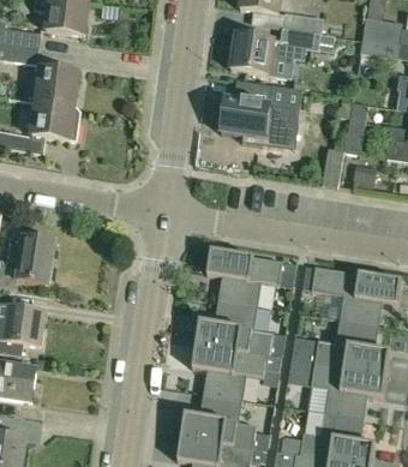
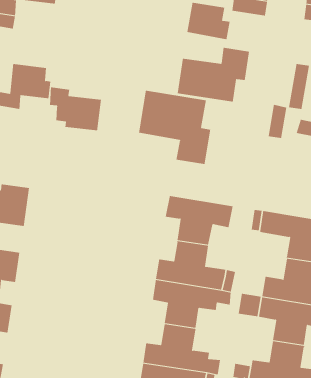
building: [35,68,78,107] -> none
building: none -> [49,87,101,131]
building: none -> [138,90,211,165]

